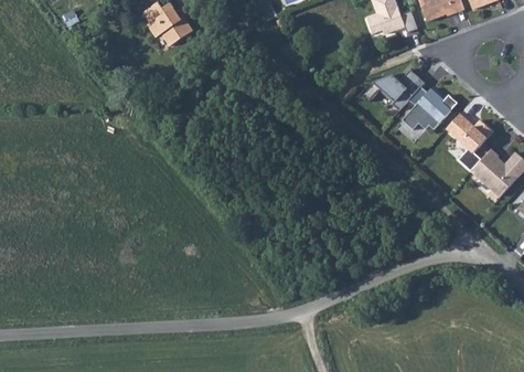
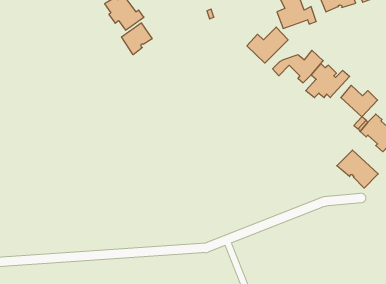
building: none -> [121,23,152,55]
building: none -> [247,27,288,63]
building: none -> [337,150,378,188]

